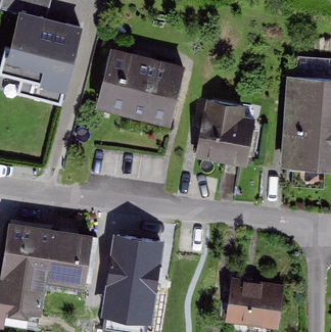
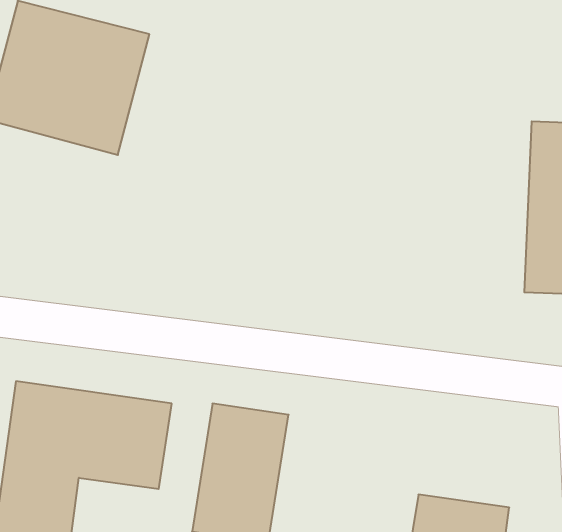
building: [96,49,183,125] -> none
building: [198,103,250,157] -> none

